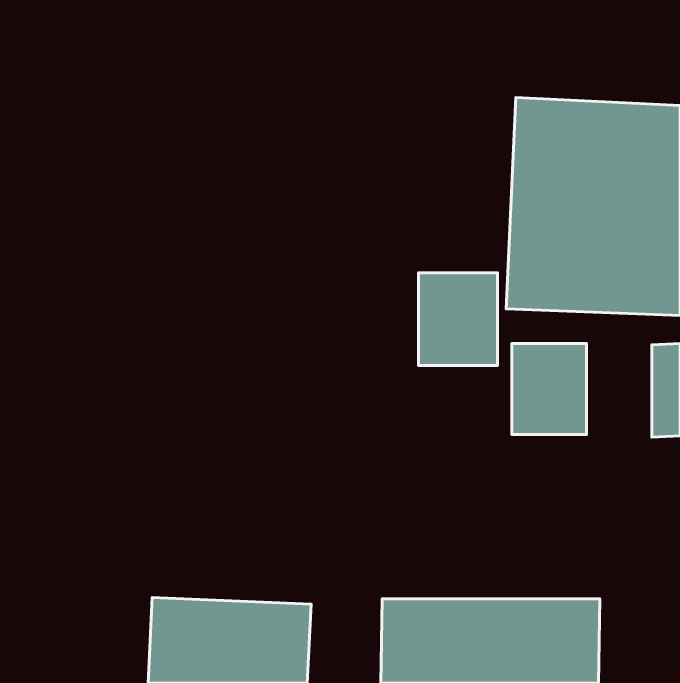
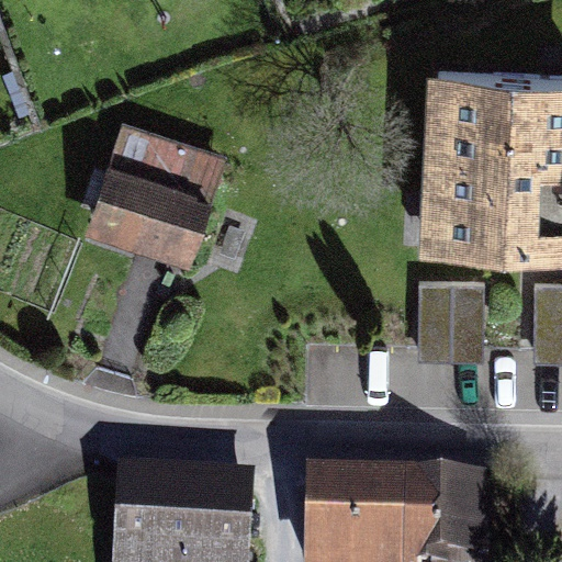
building: none -> [83,146,229,283]
building: [419,273,497,366] -> none

